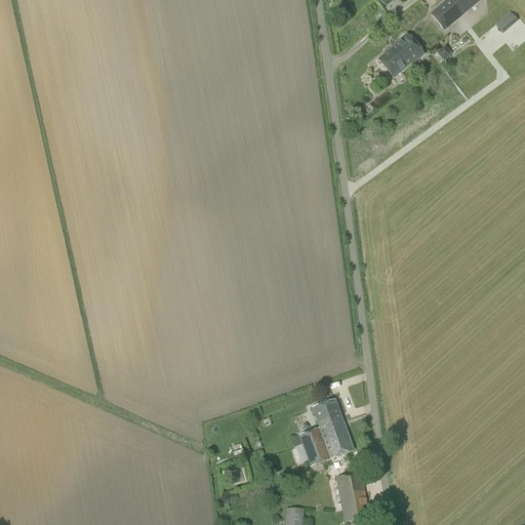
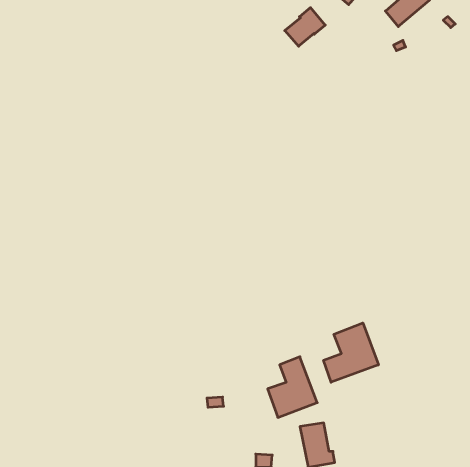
building: [377,33,422,76] -> [285,8,325,46]
building: none -> [324,323,378,382]

